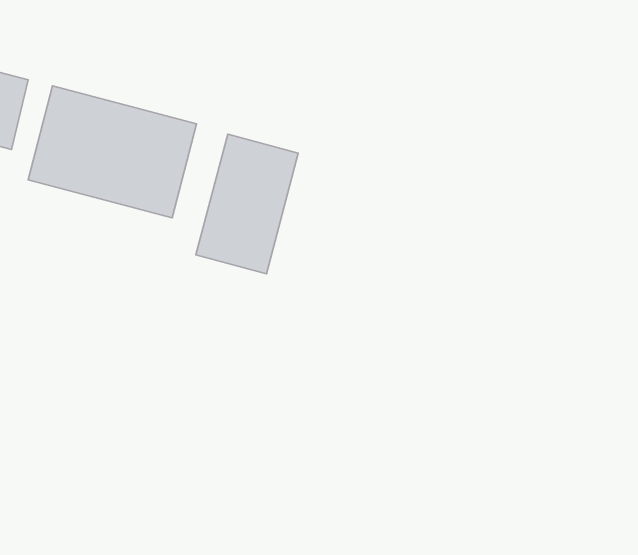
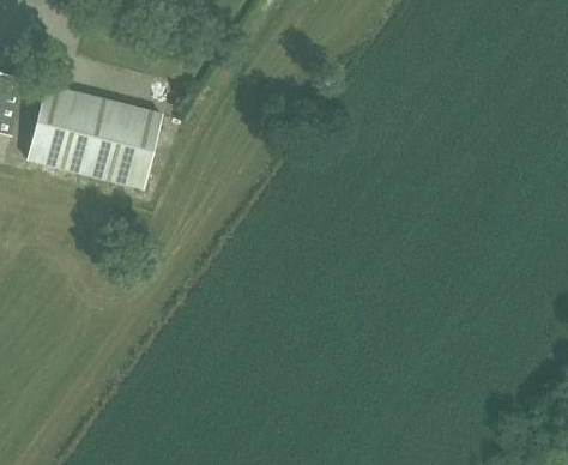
building: [196,134,298,274] -> none

